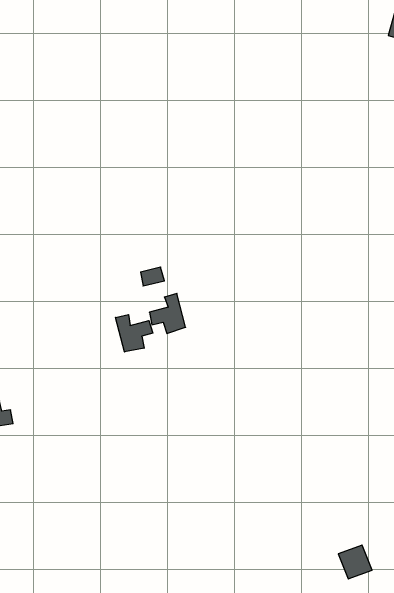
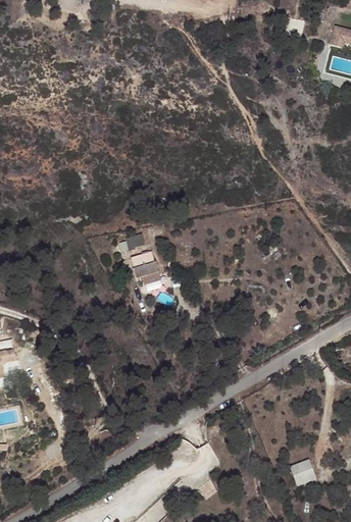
building: [116,315,153,352] -> none

